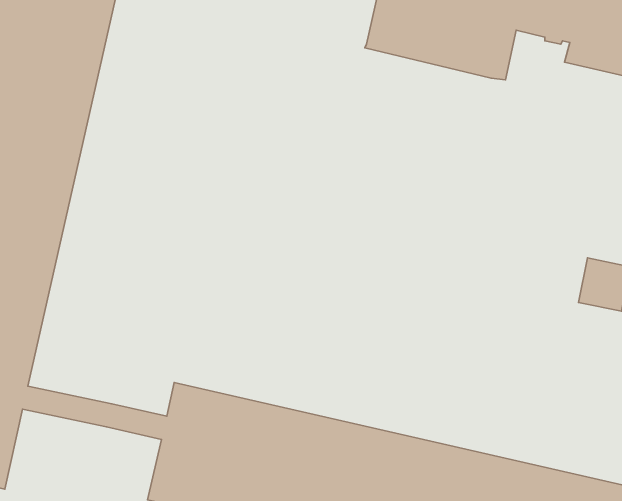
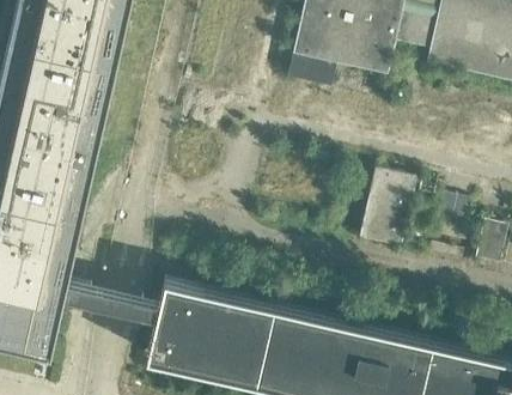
building: none -> [358,177,414,255]

